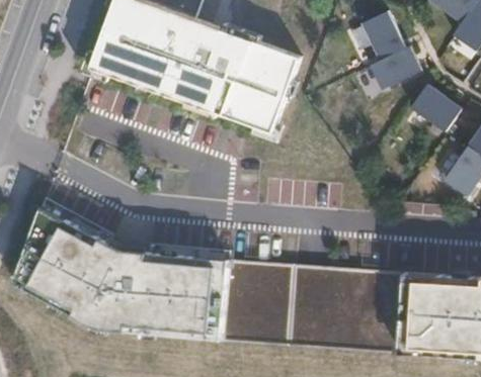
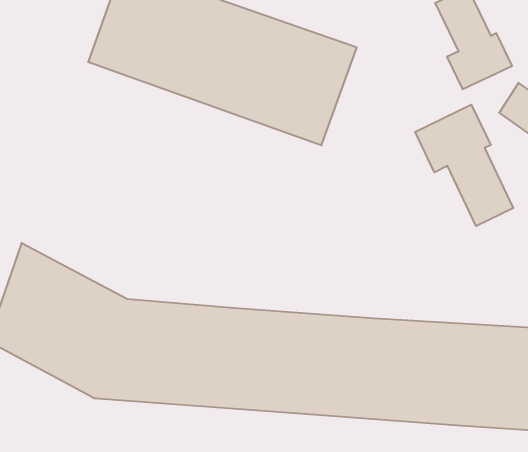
building: none -> [415,105,513,226]

